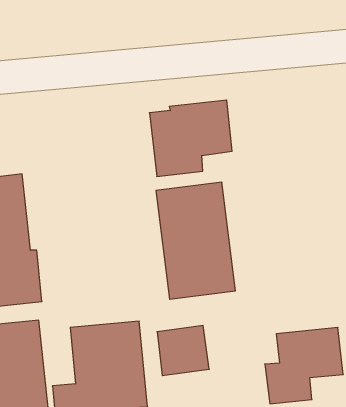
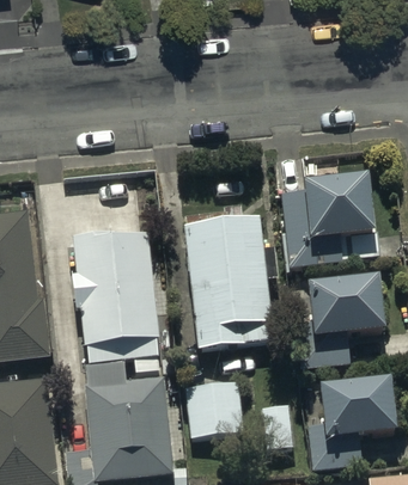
building: [149,100,232,176] -> [280,180,374,268]
building: none -> [74,235,160,363]
building: none -> [298,282,385,370]

